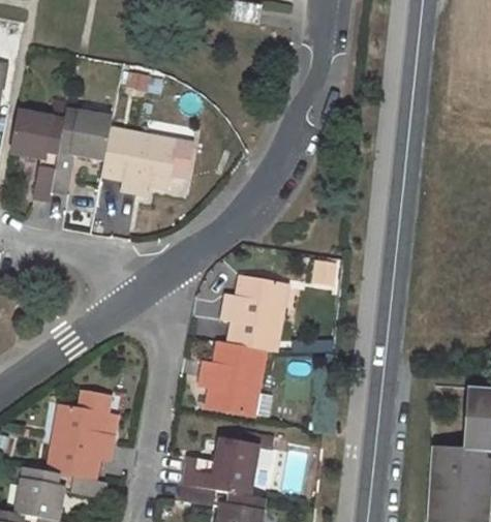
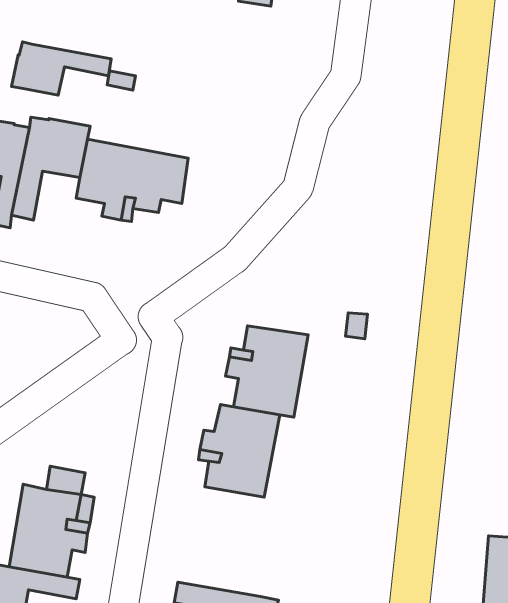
building: none -> [12,42,111,95]
building: [183,438,257,494] -> none

